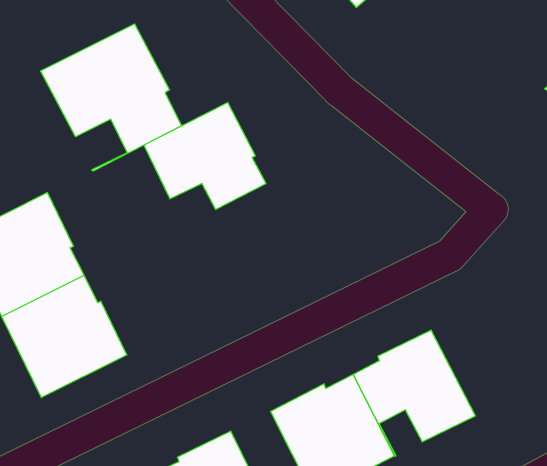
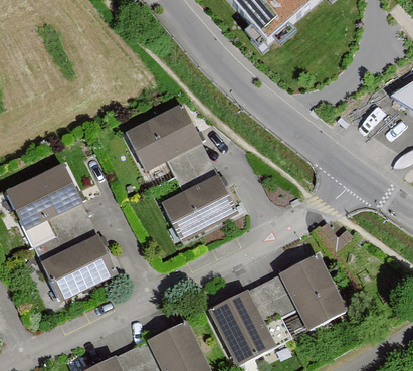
building: [40,24,182,171] -> none
building: none -> [162,158,236,238]

